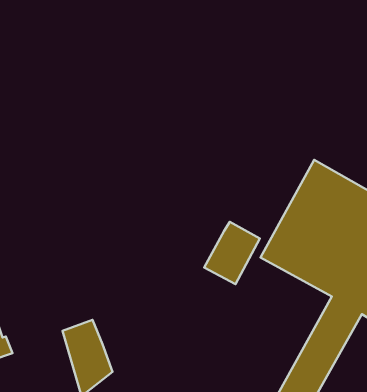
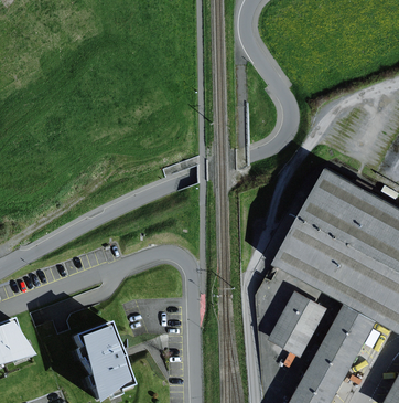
building: [204,222,260,284] -> [268,293,323,354]

